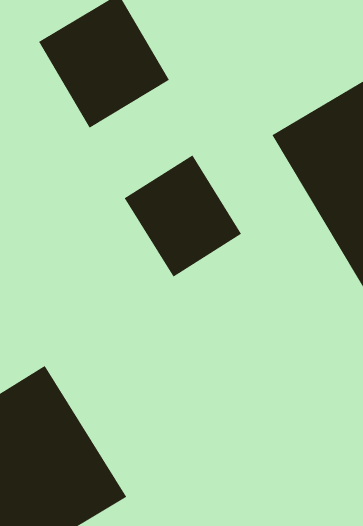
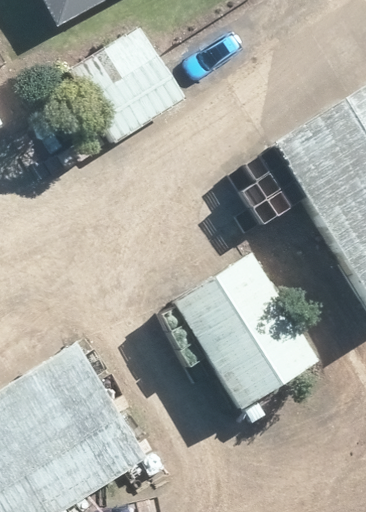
building: [124,154,242,278] -> none
building: none -> [173,257,313,406]

